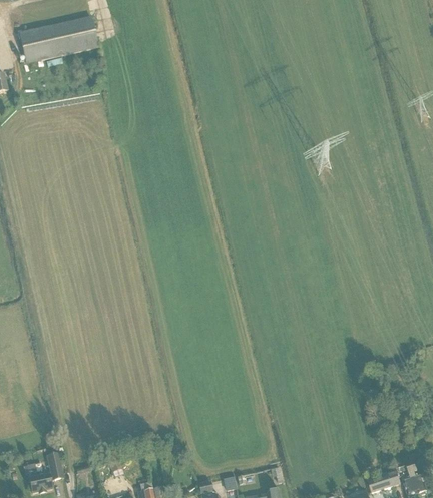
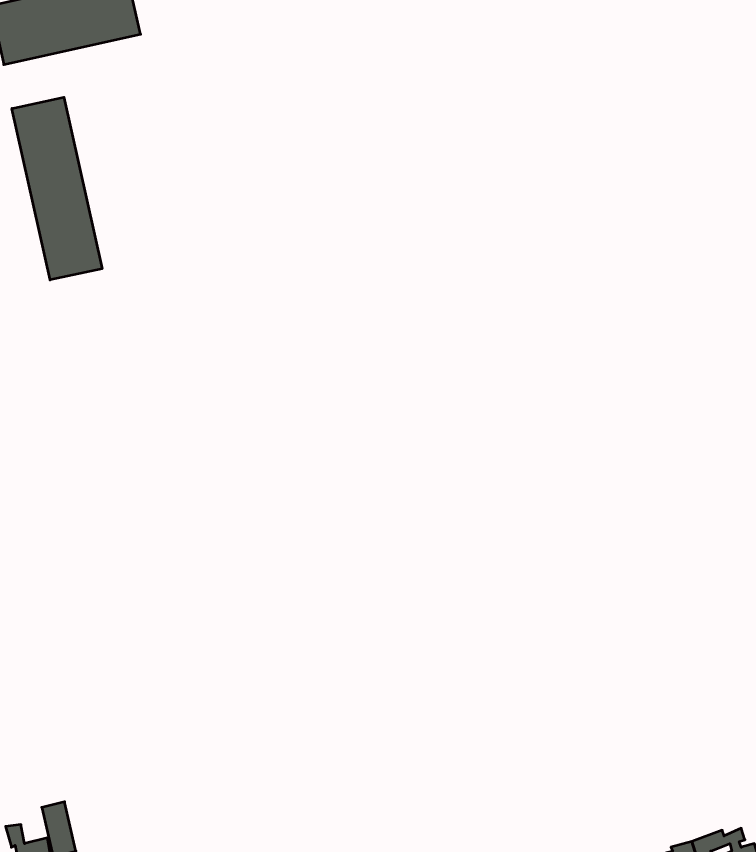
building: none -> [12,97,102,280]

